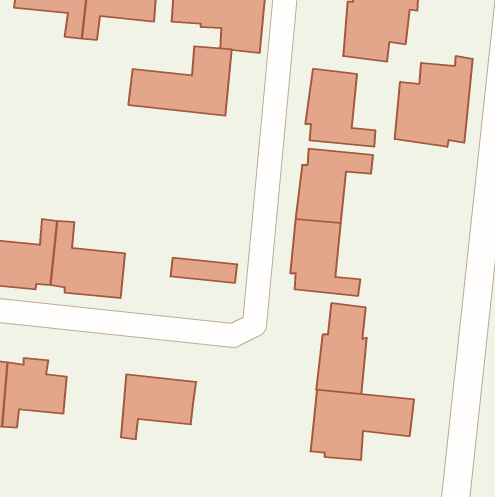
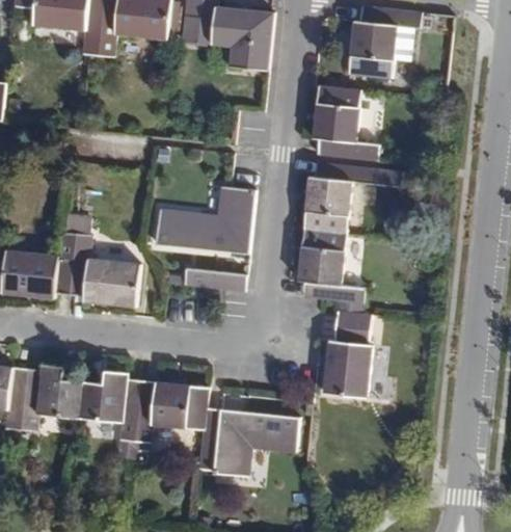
building: [128,46,232,116] -> [155,187,254,254]
building: [395,56,473,147] -> none
building: none -> [79,370,139,440]
building: [310,390,414,460] -> [197,407,297,475]

